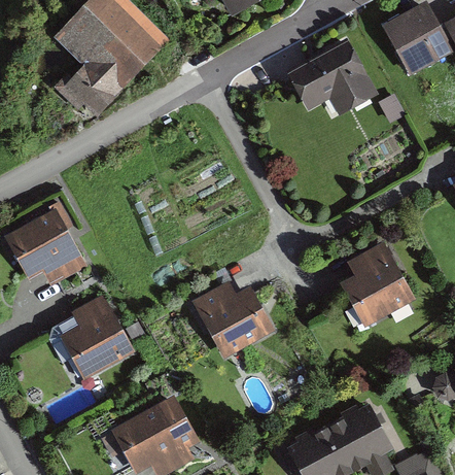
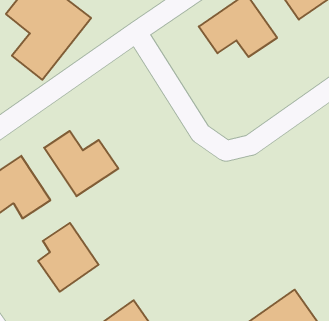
building: none -> [44,131,118,196]
building: [341,243,415,326] -> none
building: [196,284,268,355] -> none

